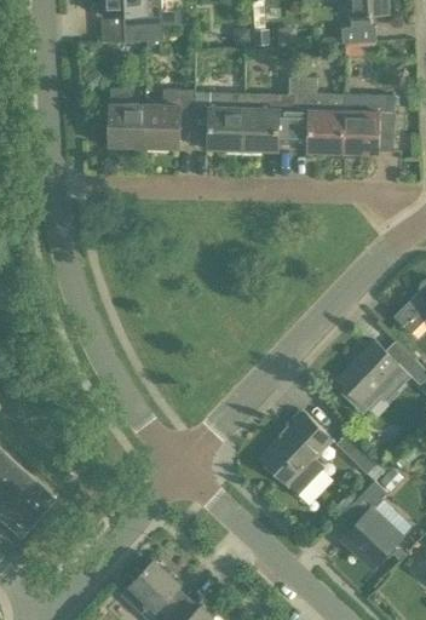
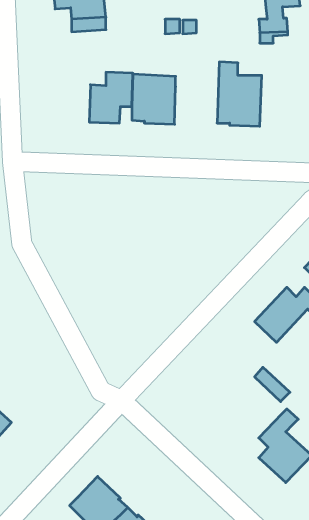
building: [243,78,295,151] -> none
building: [109,88,145,148] -> none
building: [342,93,395,154] -> none
building: [261,414,332,494] -> none

